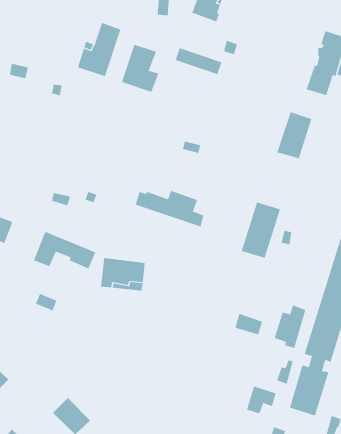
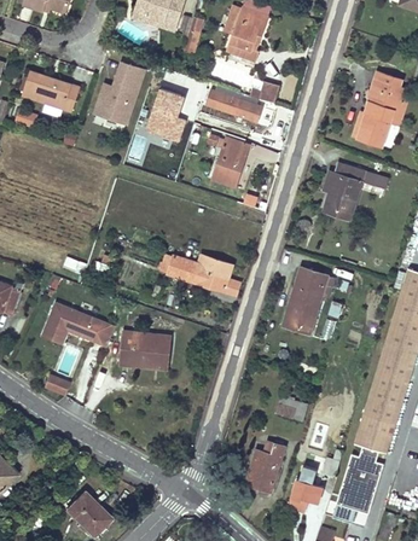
building: none -> [22,70,80,112]
building: none -> [211,138,246,186]
building: [274,304,306,349] -> [246,441,284,491]

